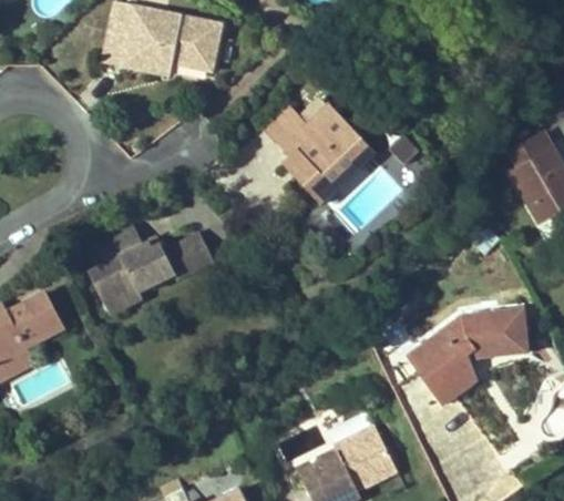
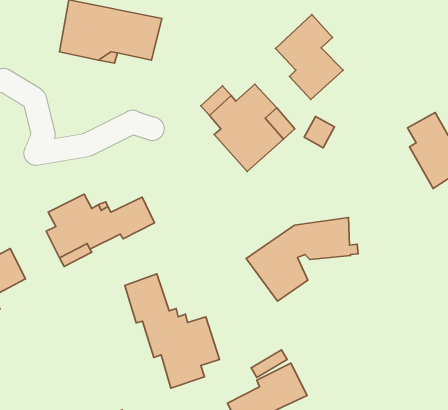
building: none -> [275,15,343,100]
building: [406,308,536,406] -> [246,218,358,301]
building: none -> [125,274,219,388]

